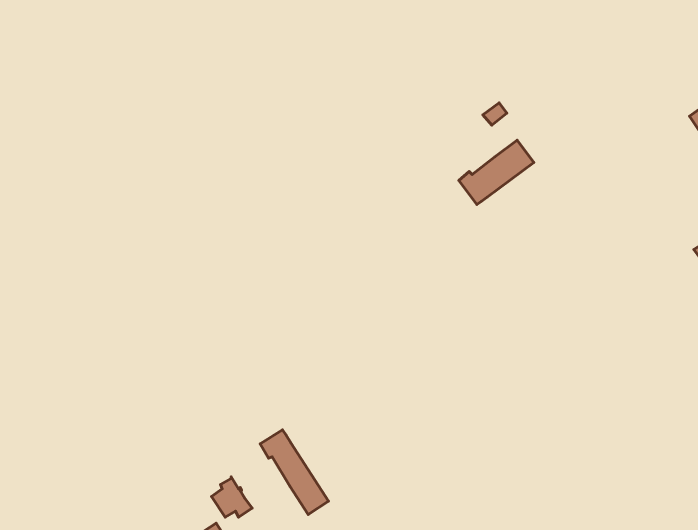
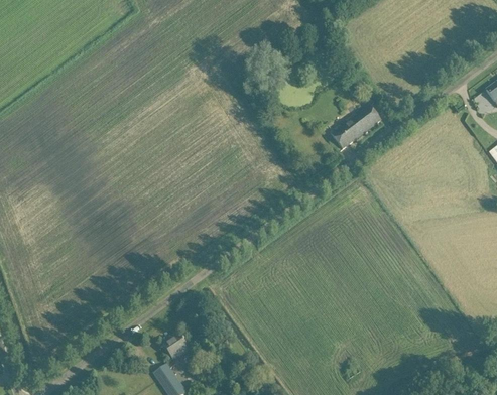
building: [260,430,328,514] -> none

